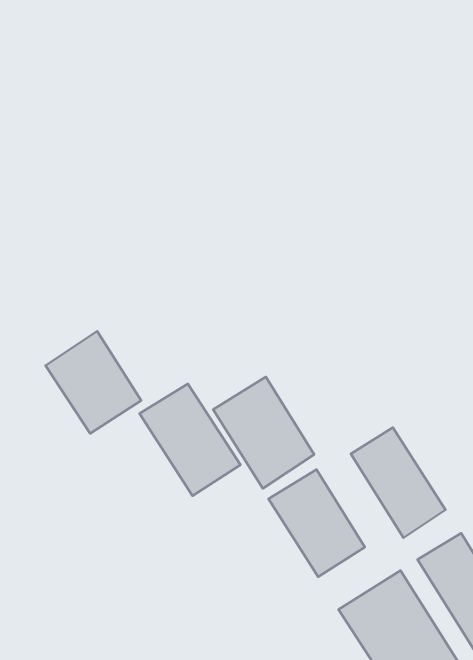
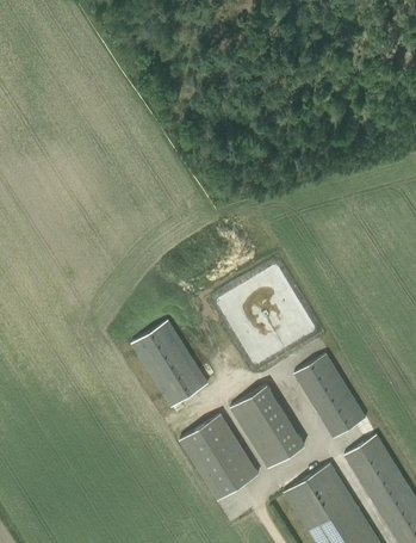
building: [45,331,141,433] -> none
building: [213,377,314,489] -> [180,415,257,501]

